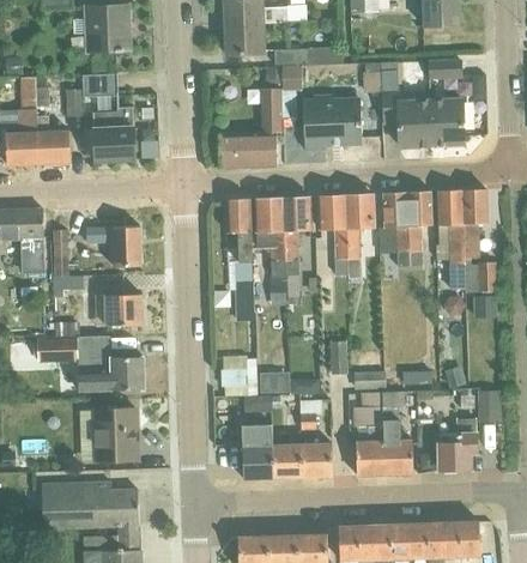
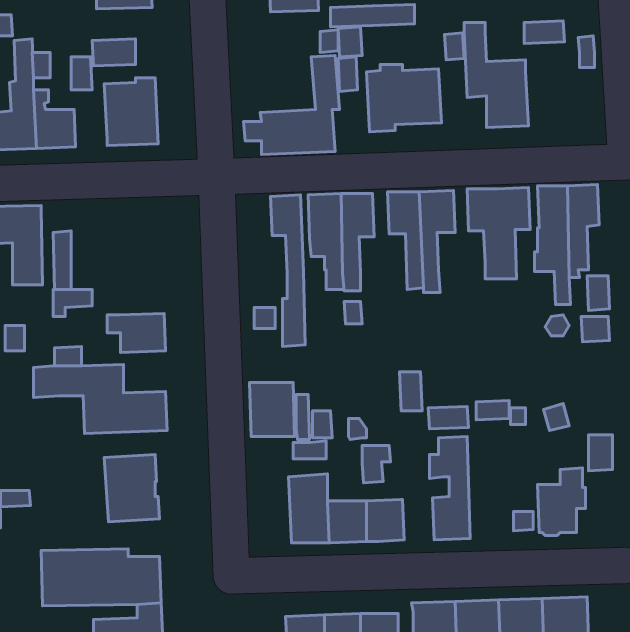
building: [429,101,462,145] -> none
building: [84,225,140,266] -> none
building: [382,393,413,474] -> none

